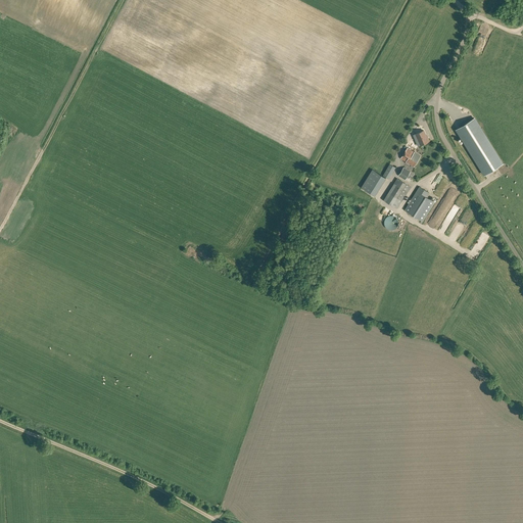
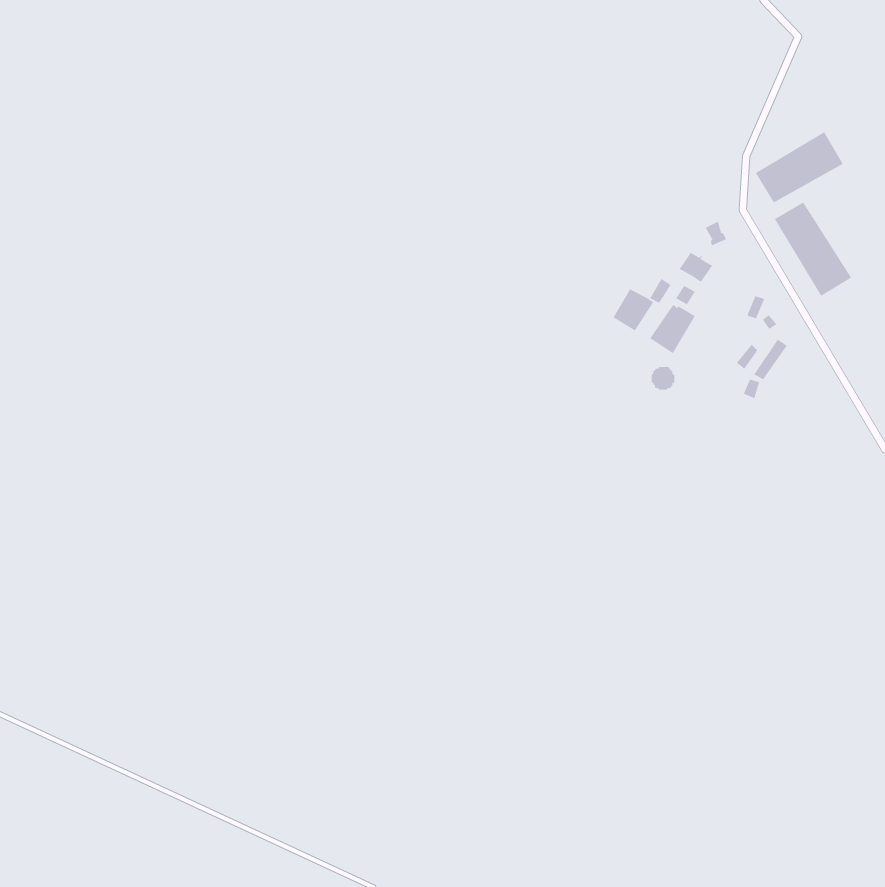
building: none -> [755,131,844,203]
building: [403,186,434,222] -> none

